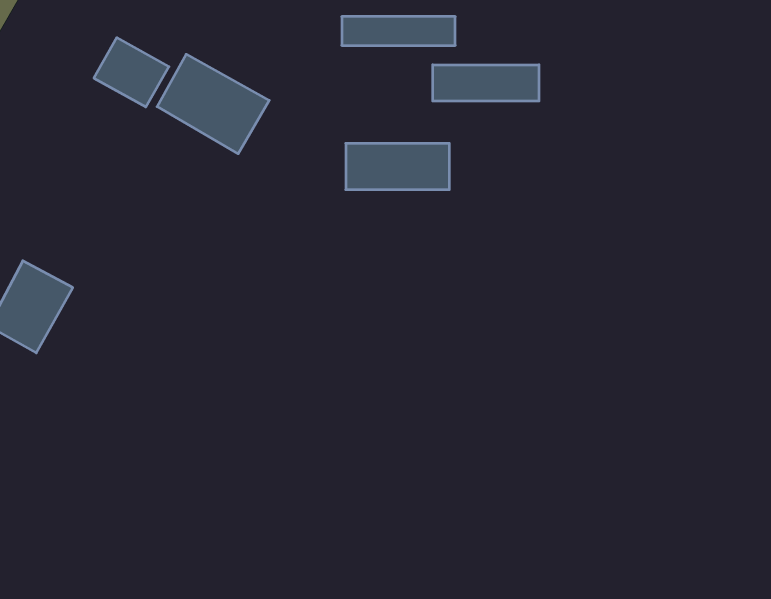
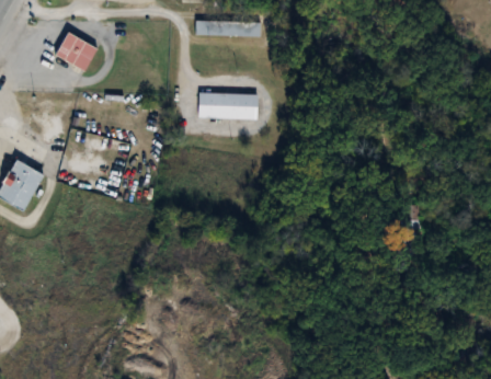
building: [157,54,269,154] -> none
building: [433,65,539,101] -> none

